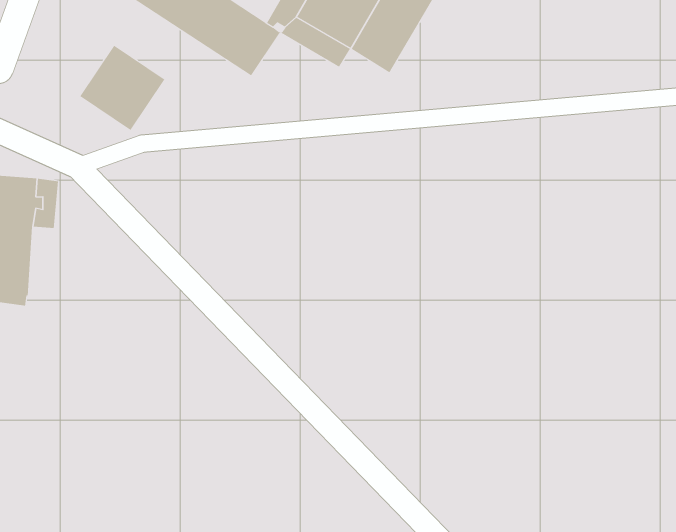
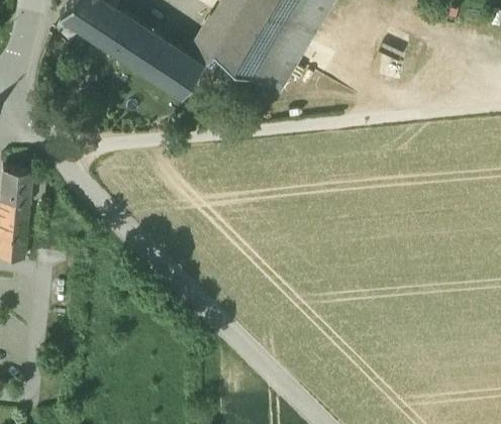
building: [80,45,165,131] -> none

